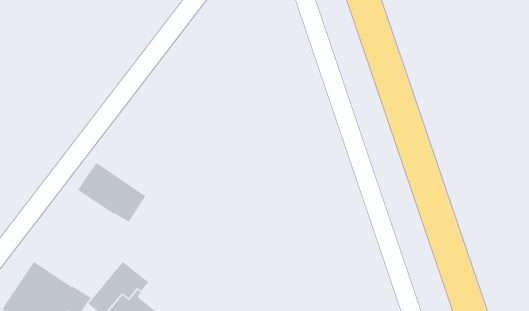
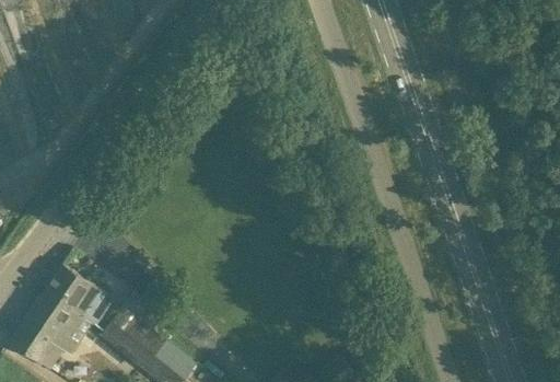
building: [77,162,146,223] -> [44,264,115,326]

